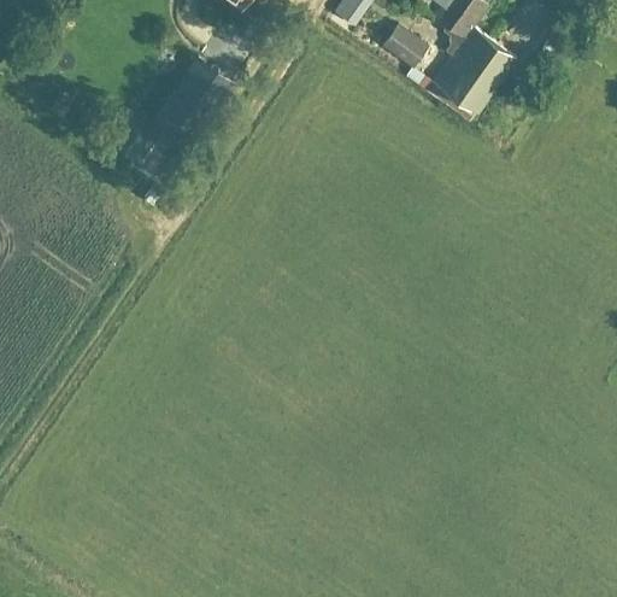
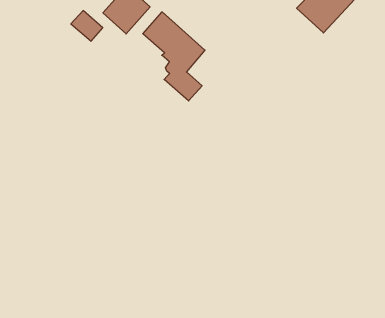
building: none -> [143,12,205,101]

